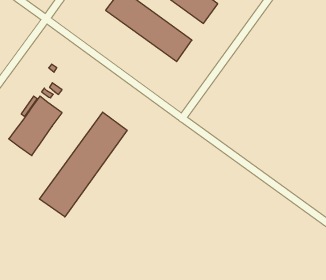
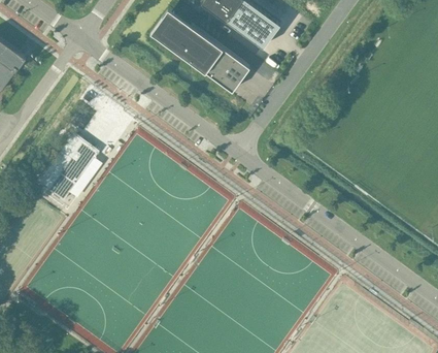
building: [39,112,127,217] -> none

